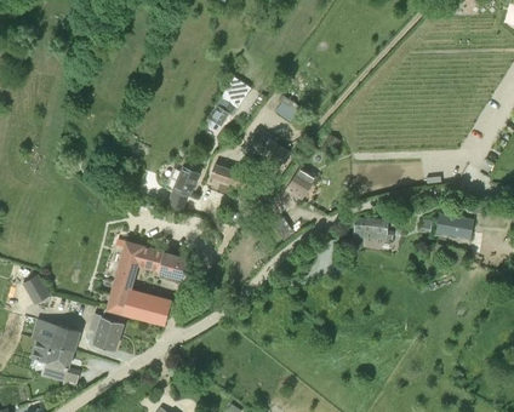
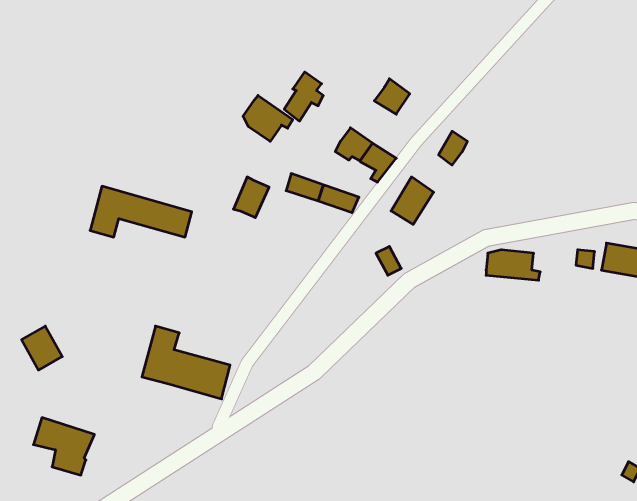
building: none -> [243,95,293,141]
building: [116,242,189,279] -> [90,186,192,237]
building: [93,309,125,350] -> none
building: [30,320,78,351] -> none

